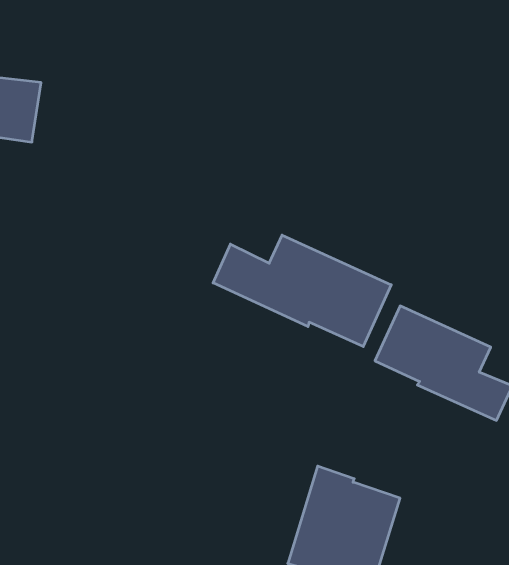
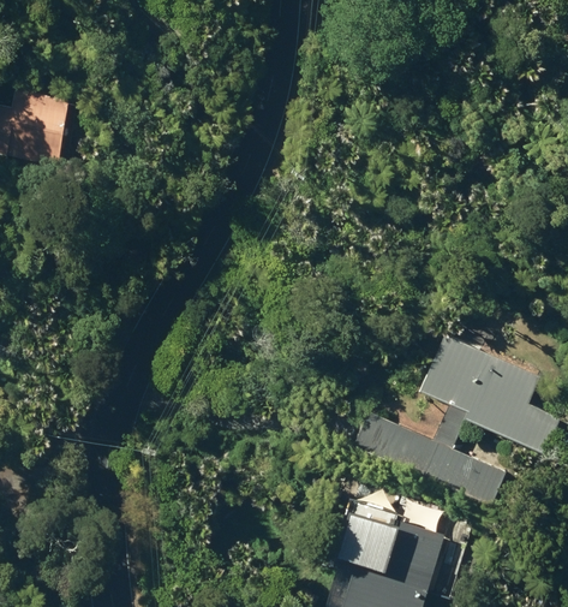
building: [213,235,391,347] -> none
building: none -> [367,416,506,505]

